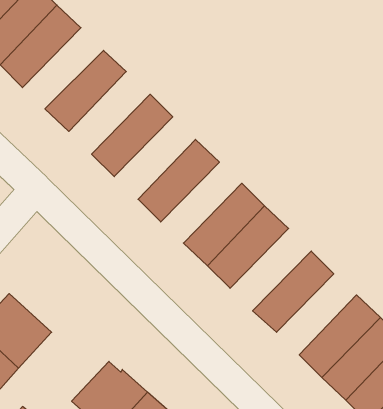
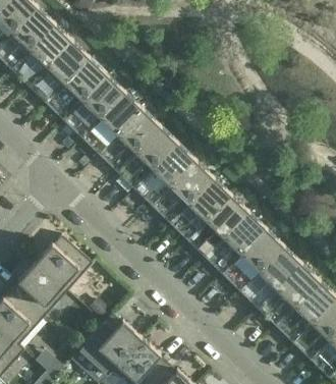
building: none -> [45,57,107,119]
building: none -> [80,91,143,154]
building: none -> [115,125,177,188]
building: none -> [151,160,213,222]
building: none -> [204,211,266,274]
building: none -> [35,234,92,290]
building: none -> [239,245,300,308]

